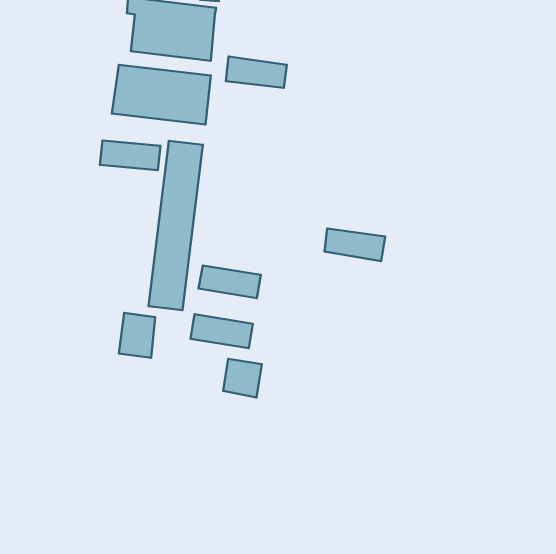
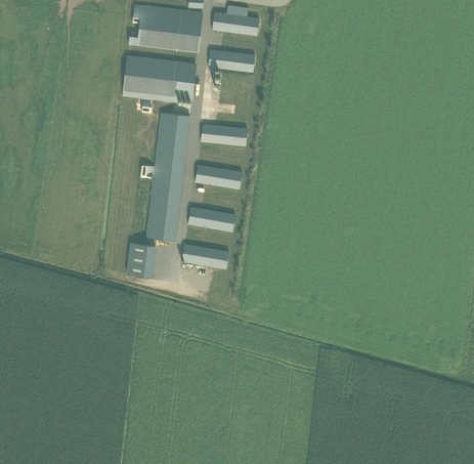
building: none -> [211,10,257,35]
building: [100,140,161,170] -> [200,123,246,145]
building: [324,229,385,261] -> [195,164,241,188]
building: [223,359,262,397] -> none

